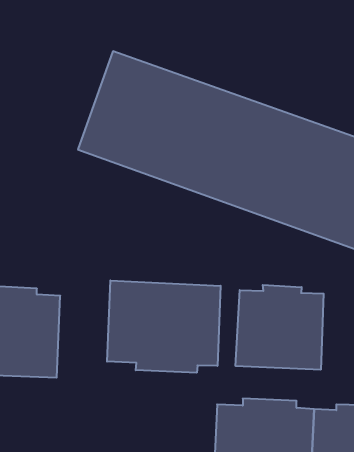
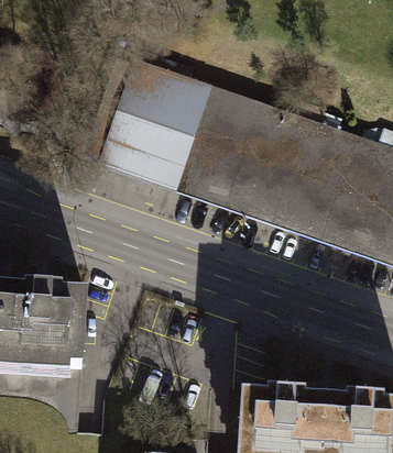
building: [107,280,221,373] -> none
building: [236,285,324,370] -> none

